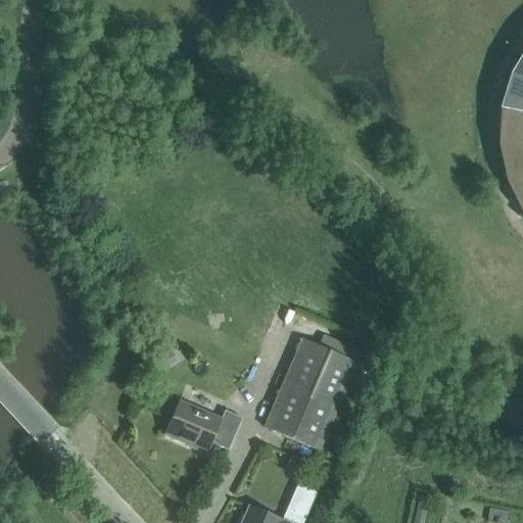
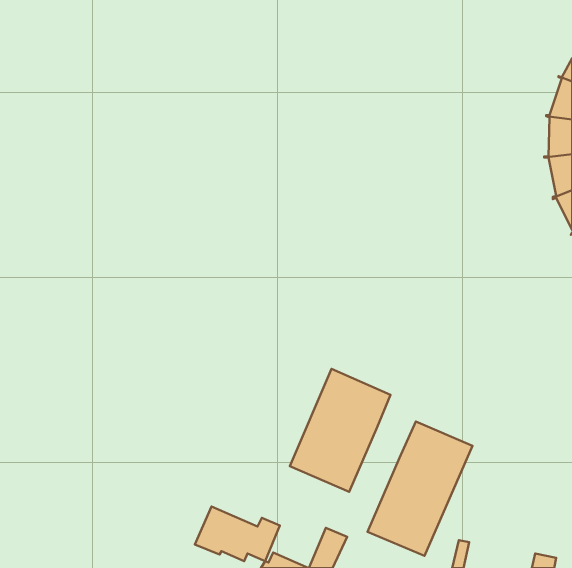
building: none -> [368,422,473,556]
building: [163,398,241,448] -> [195,507,280,561]

